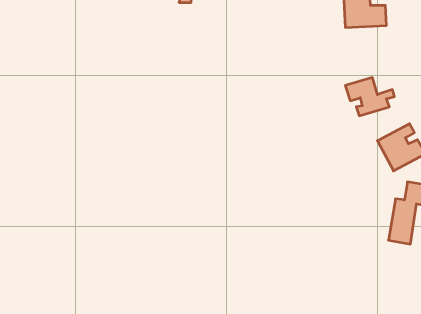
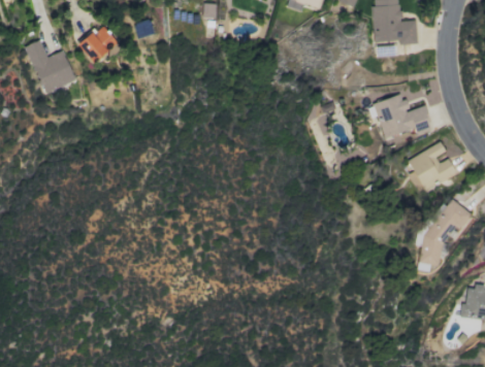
building: none -> [86,29,116,58]
building: none -> [25,41,76,94]

